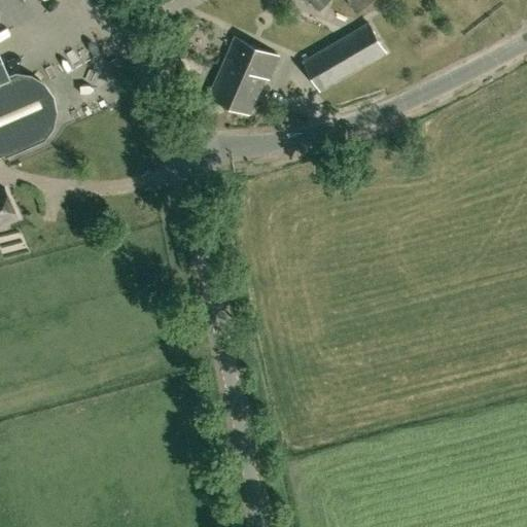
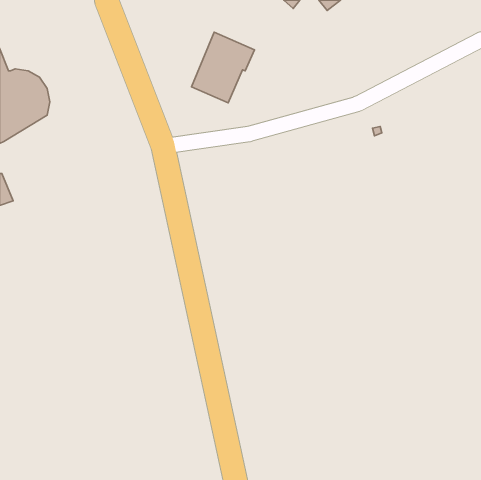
building: [304,24,385,91] -> none

